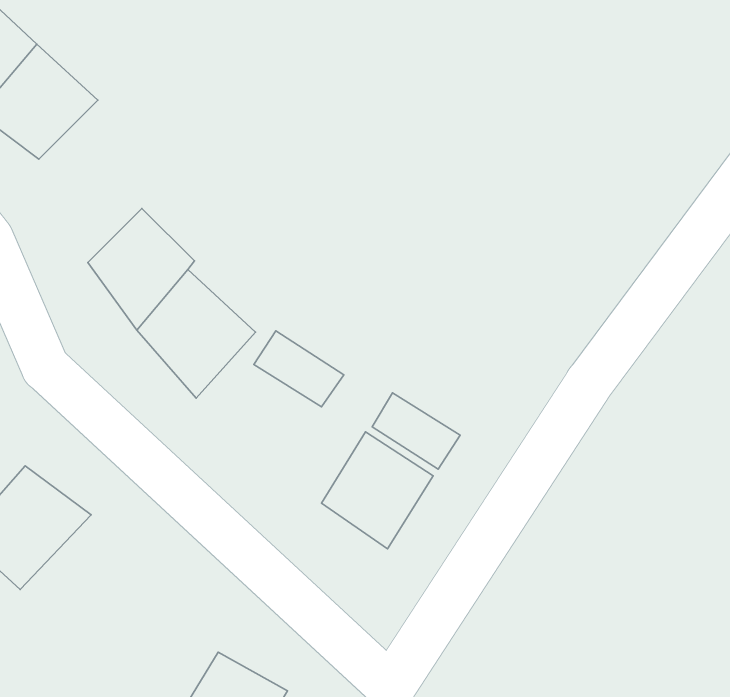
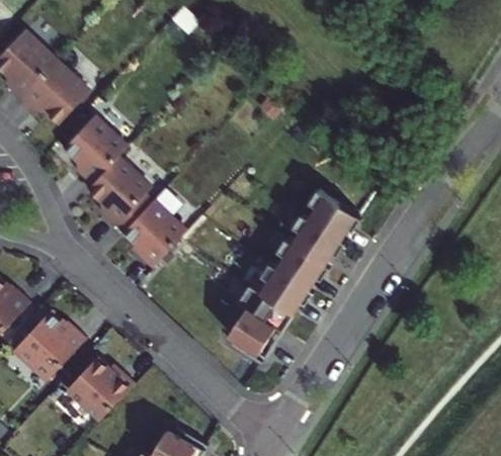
building: none -> [64,112,129,188]
building: none -> [303,191,355,237]
building: none -> [286,217,340,264]
building: [254,331,344,407] -> [270,241,324,286]
building: none -> [66,351,134,419]

